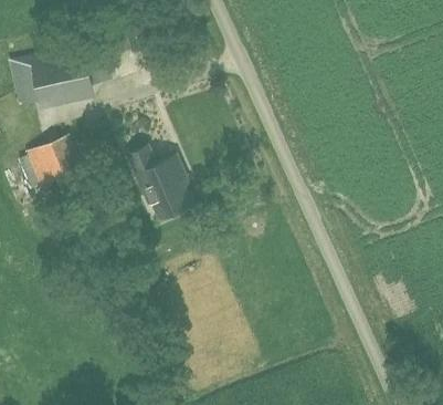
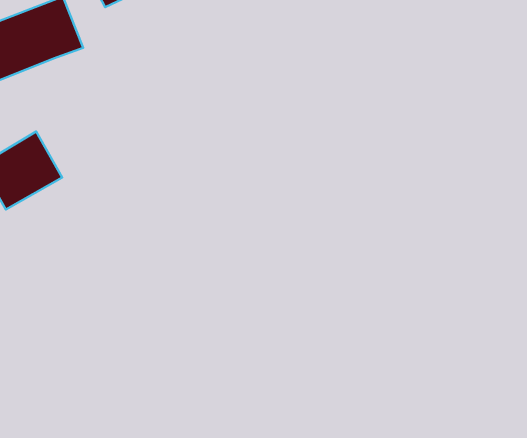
building: [128,149,190,218] -> none

